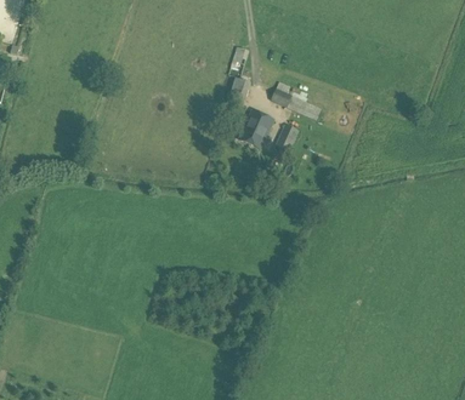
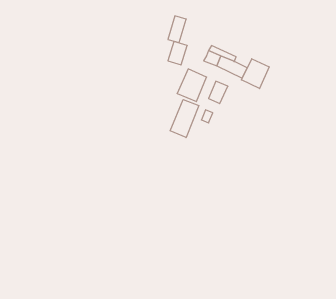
building: none -> [241,59,269,89]
building: none -> [170,100,199,138]

